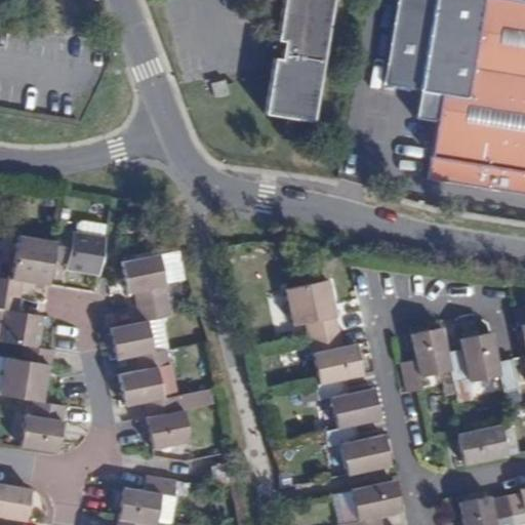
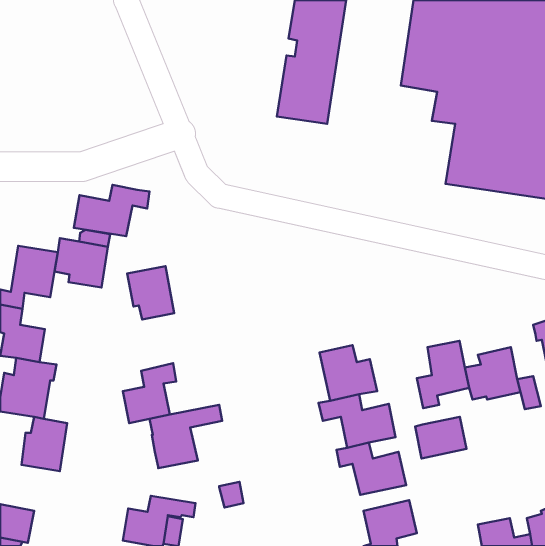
building: none -> [74,185,149,236]
building: [284,280,339,338] -> none
building: [110,300,171,359] -> none
building: [457,425,507,465] -> [415,417,466,459]

